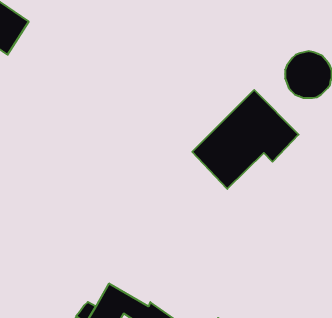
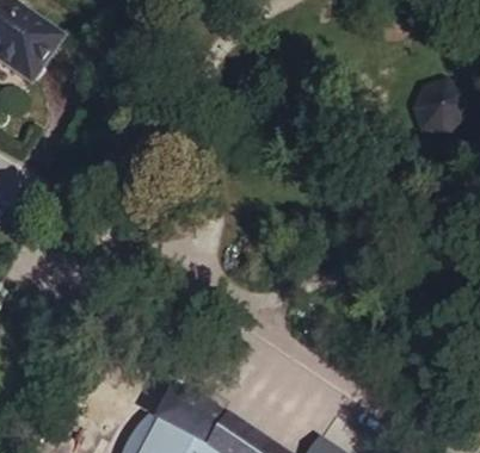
building: [192,90,299,189] -> none

